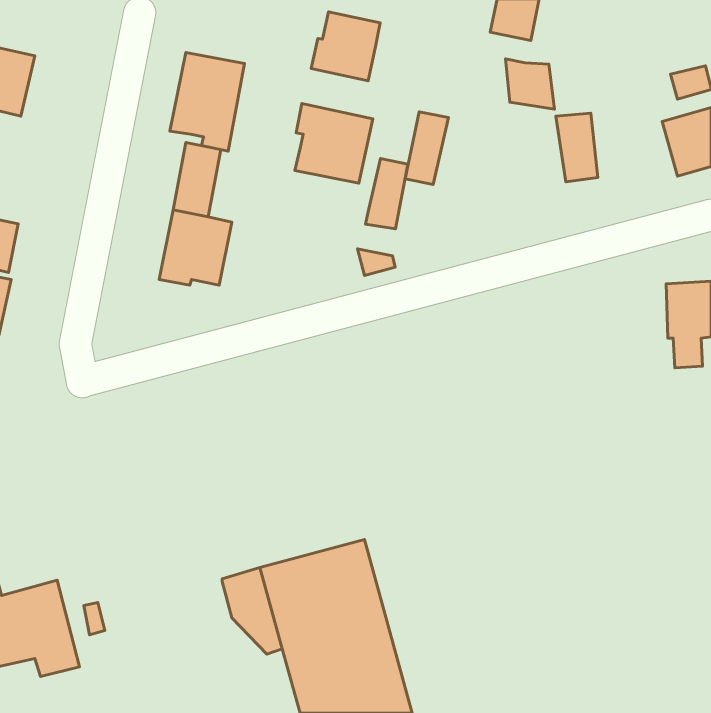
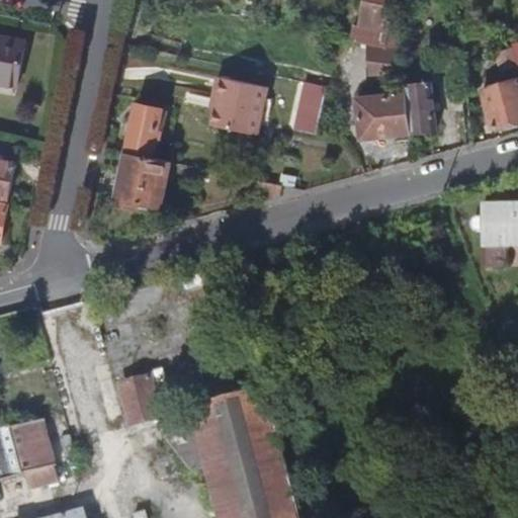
building: [311,12,380,81] -> none
building: [170,52,245,151] -> none
building: none -> [355,92,410,138]
building: [365,158,408,229] -> none
building: none -> [119,377,161,429]

